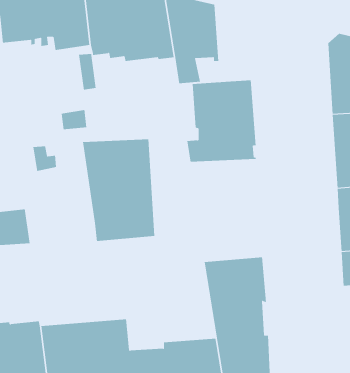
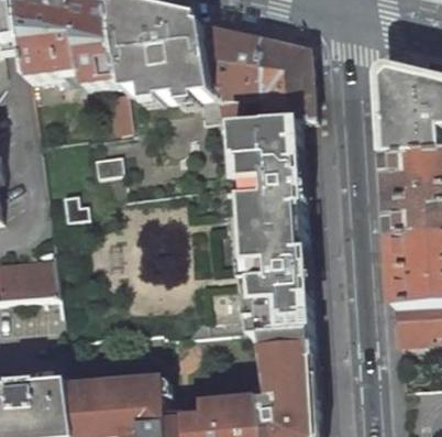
building: none -> [255,33,311,117]
building: [82,139,155,241] -> [228,200,307,312]

